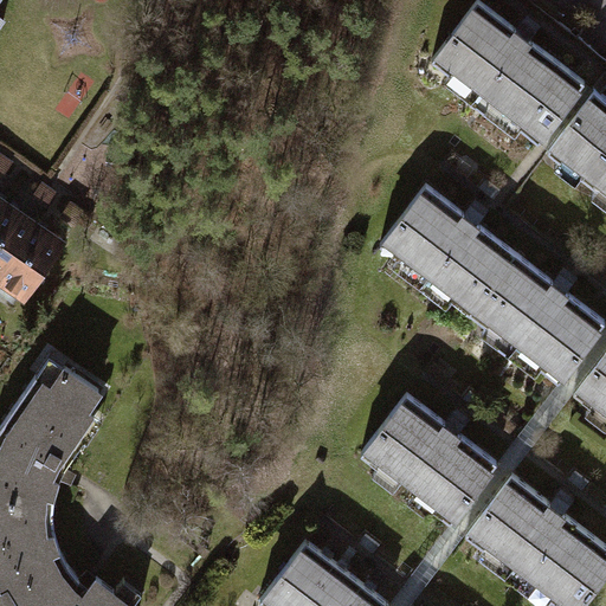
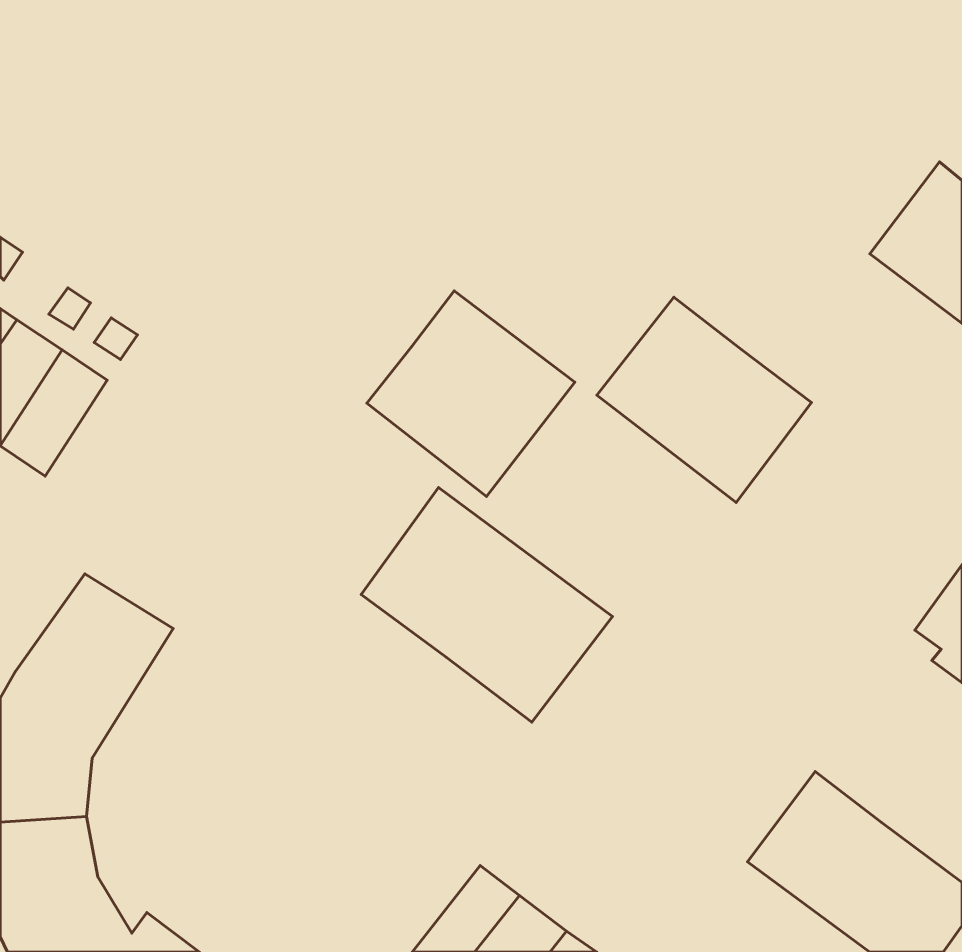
building: [432,9,579,143] -> none
building: none -> [367,291,575,497]
building: [463,253,600,385] -> none
building: none -> [361,487,612,722]
building: [362,395,492,518] -> none

